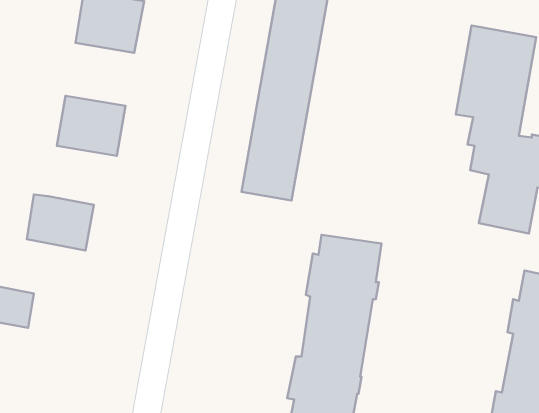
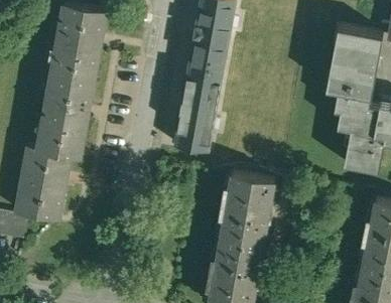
building: none -> [50,39,99,84]
building: none -> [38,112,87,155]
building: none -> [17,177,64,217]

